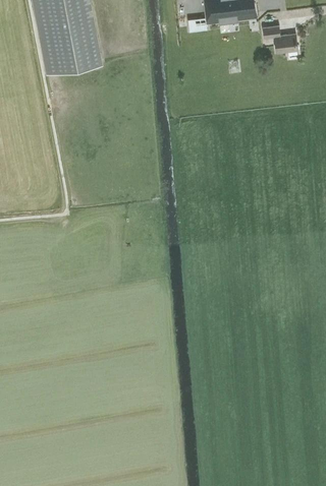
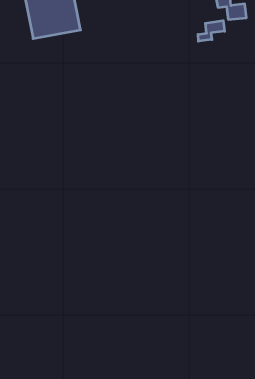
building: none -> [198,21,225,41]

